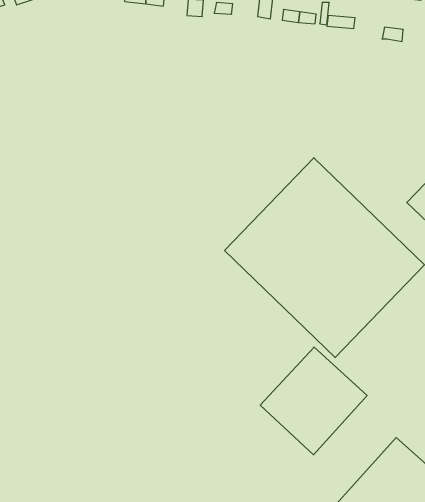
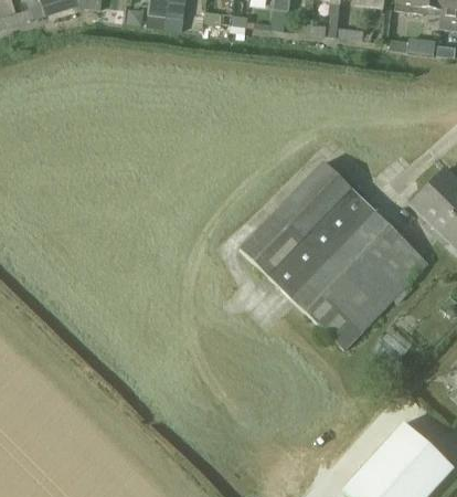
building: [260,347,367,455] -> none

